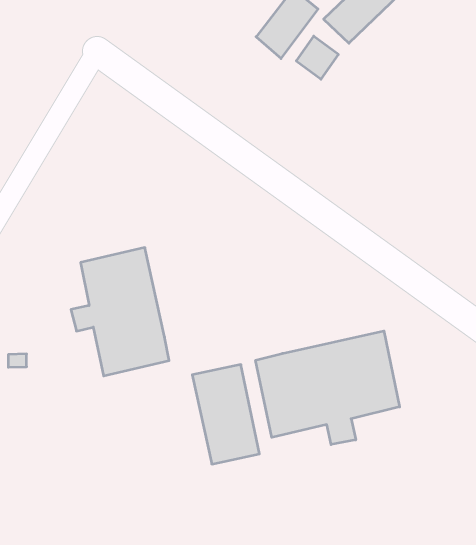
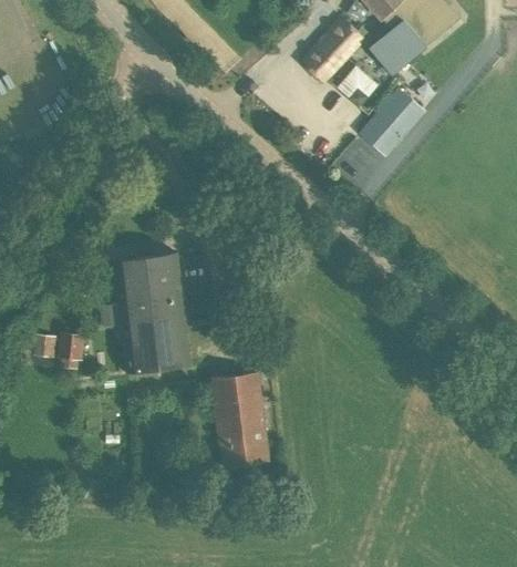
building: none -> [361,90,423,154]
building: [256,331,400,445] -> none
building: none -> [58,332,83,368]

